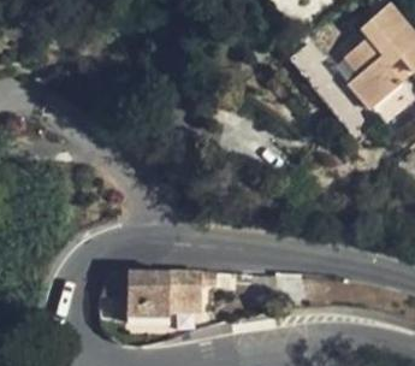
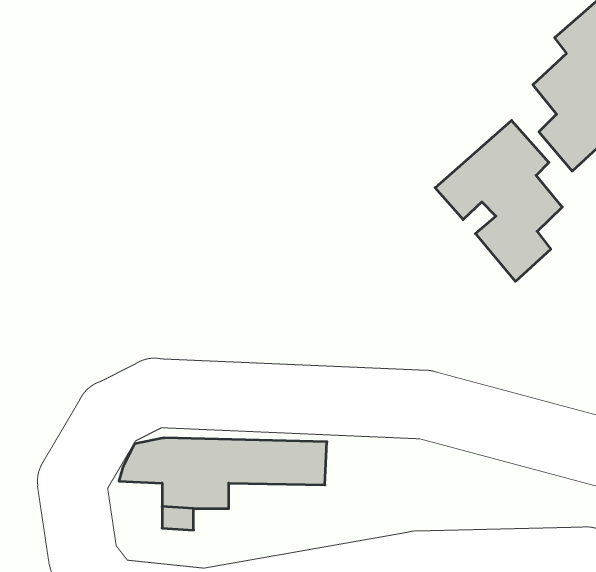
building: none -> [435,120,562,281]

